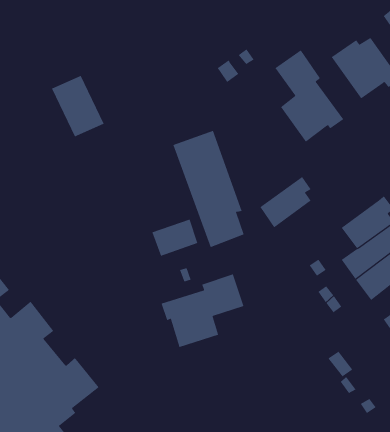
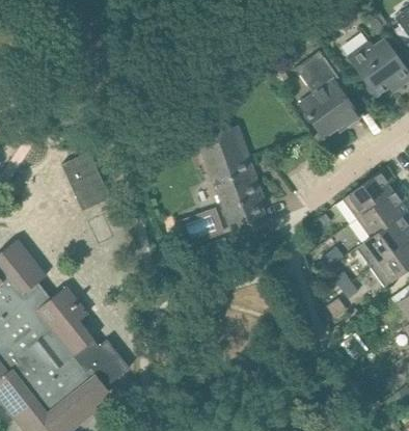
building: [51,75,104,137] -> [61,153,111,211]
building: [259,176,311,228] -> [344,169,392,218]
building: [161,273,244,348] -> none

